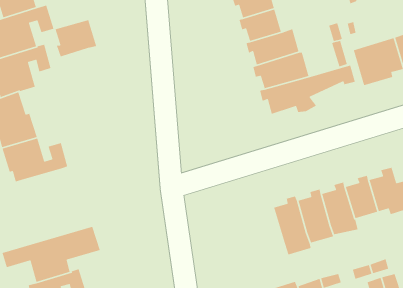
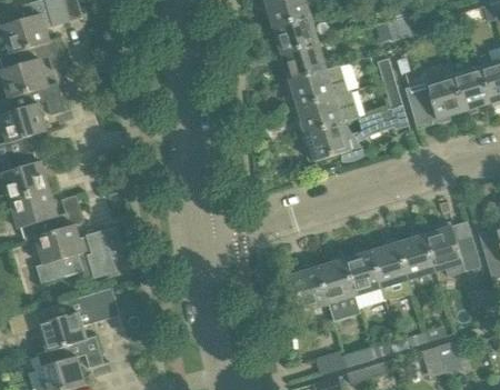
building: [54,19,97,58] -> none
building: none -> [36,223,124,283]
building: none -> [289,261,327,311]

